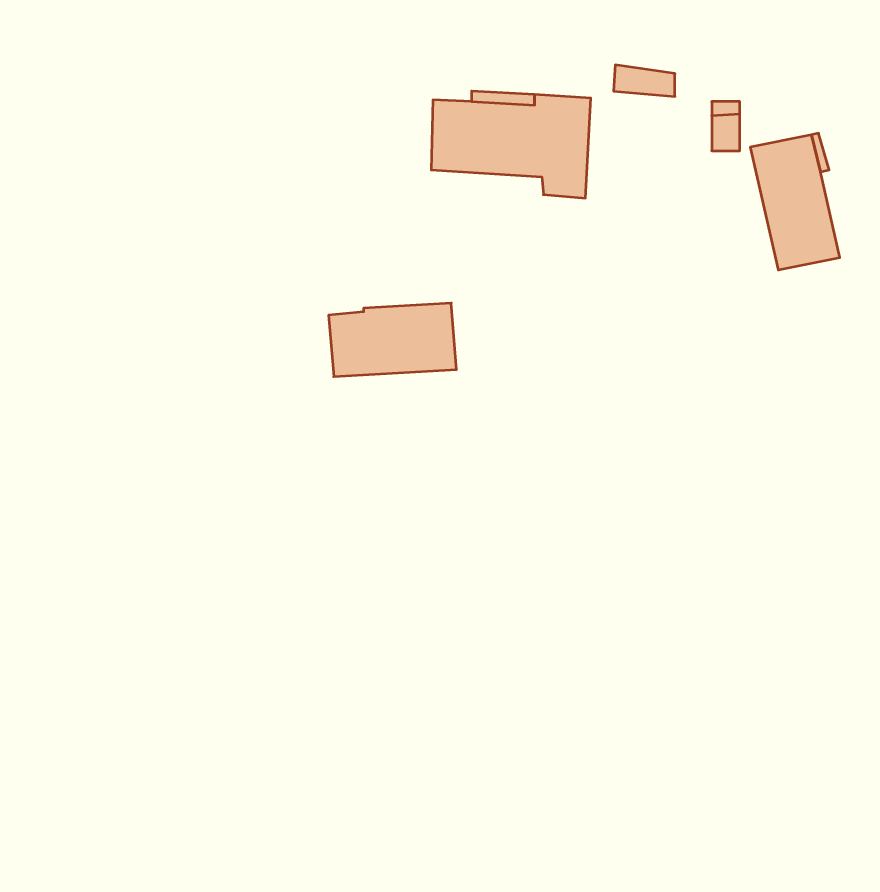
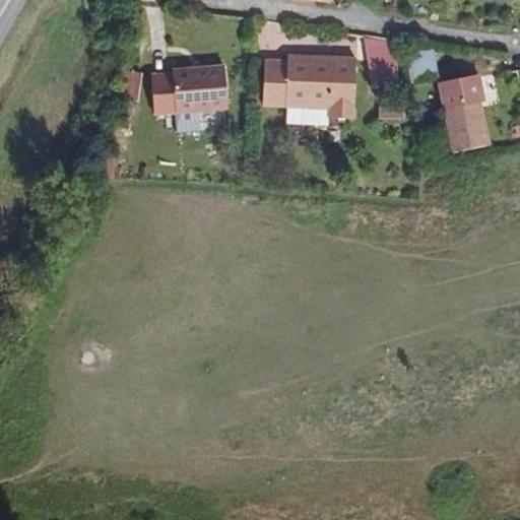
building: [329,303,456,377] -> [149,67,223,110]

